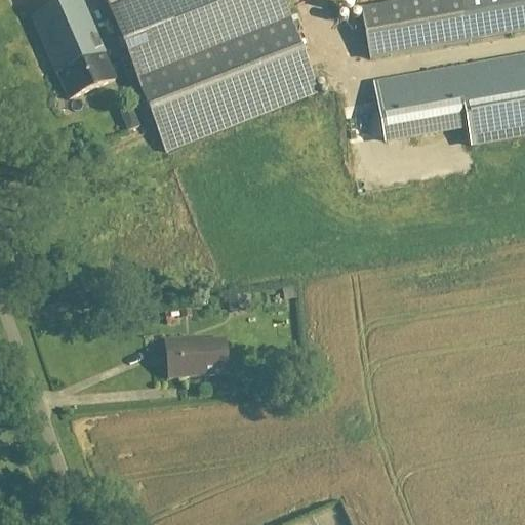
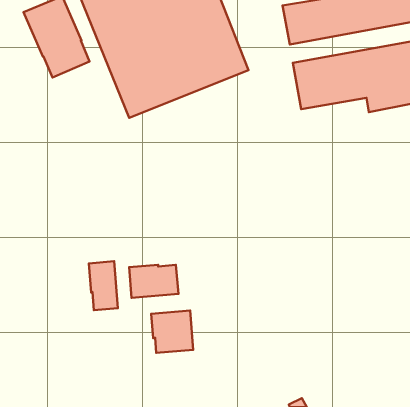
building: none -> [89,261,118,310]
building: none -> [151,310,193,353]

